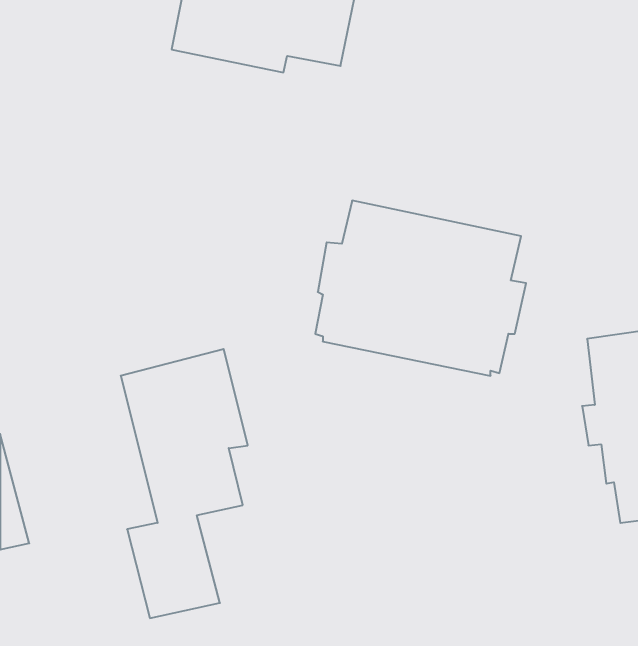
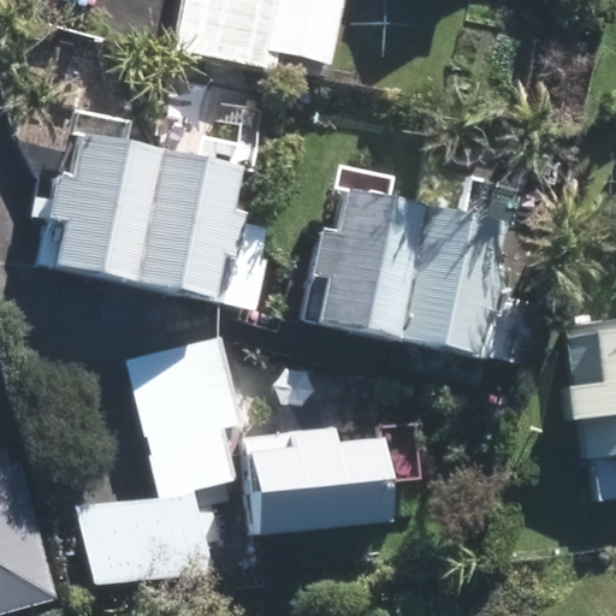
building: none -> [46,135,243,301]
building: none -> [244,422,377,537]

